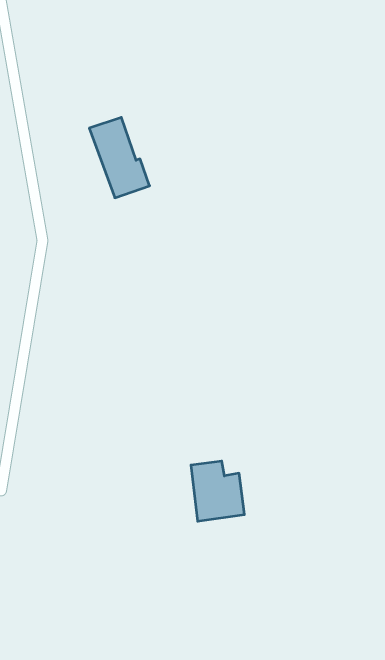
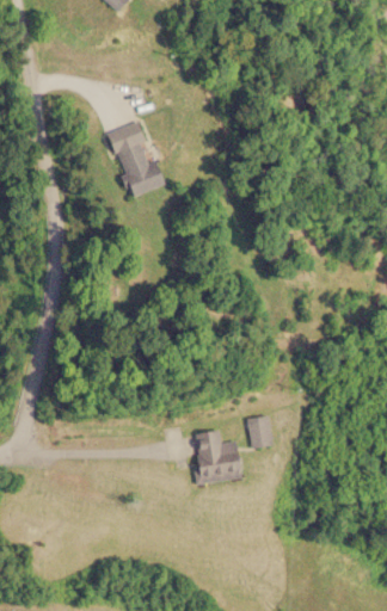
building: none -> [248,415,274,446]

